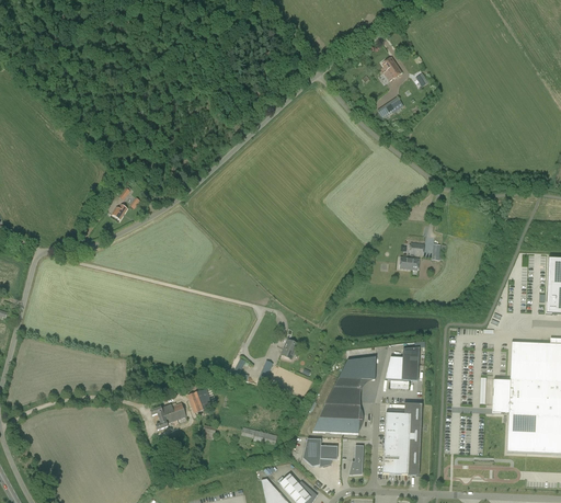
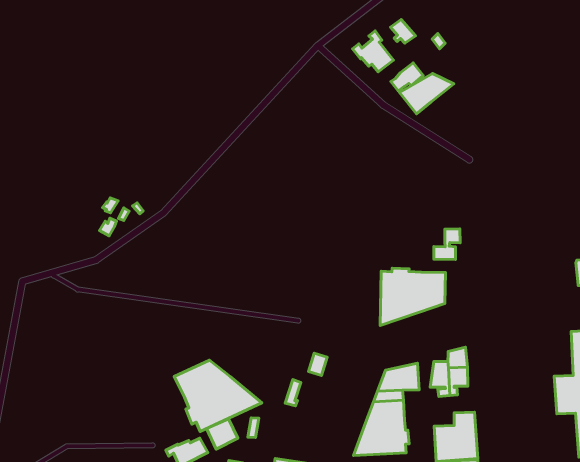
building: none -> [353,31,394,72]
building: none -> [400,74,454,114]
building: none -> [380,268,446,326]
building: none -> [174,360,262,432]

